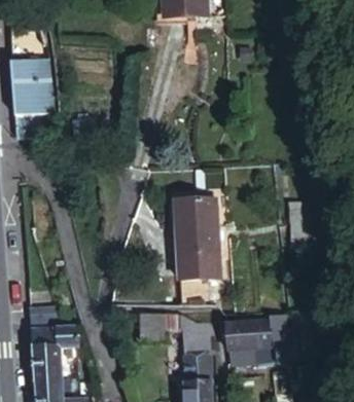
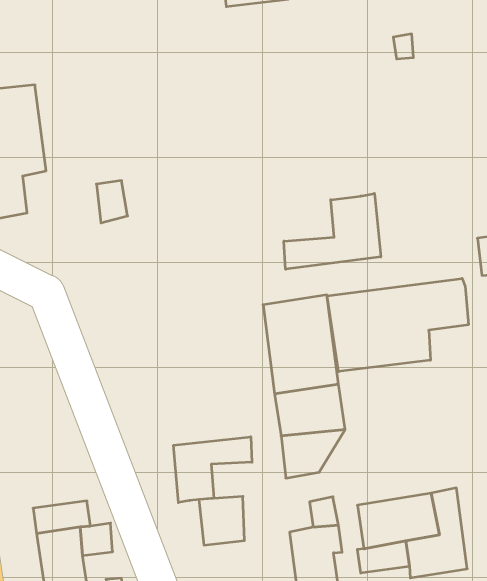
building: none -> [284,193,381,269]
building: none -> [327,278,468,372]
building: none -> [174,437,252,503]

